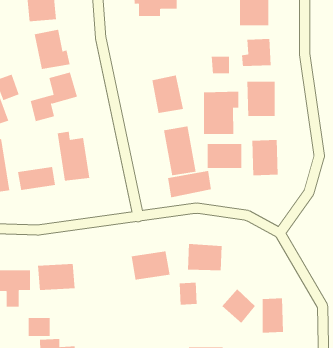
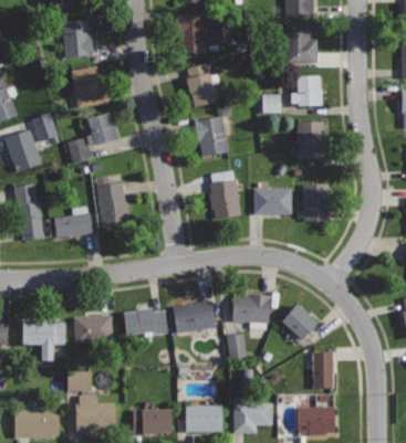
building: none -> [184,63,217,108]
building: [203,91,239,135] -> none
building: [168,170,212,198] -> none
building: none -> [122,307,168,337]
building: [222,288,256,324] -> [281,303,317,340]

